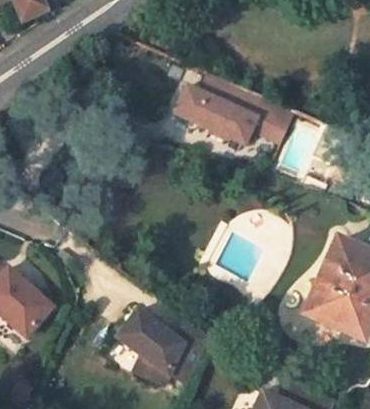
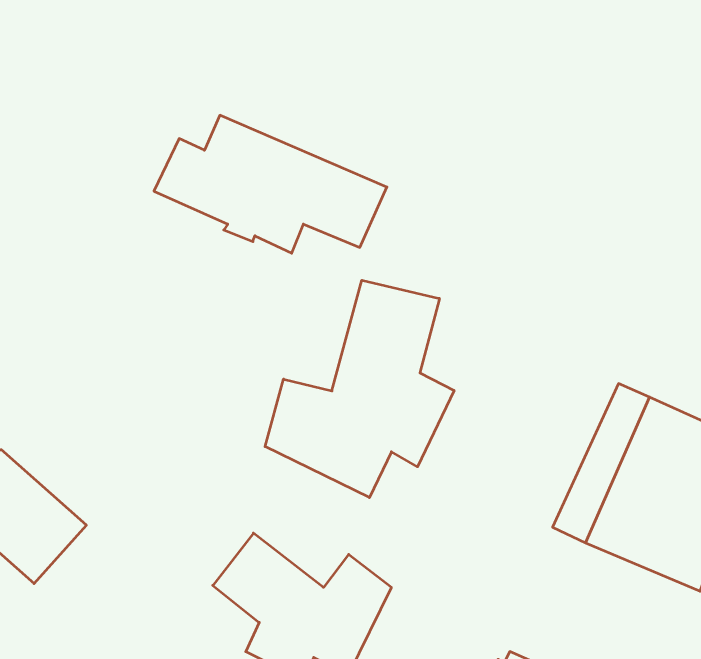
building: [176,74,296,145] -> [154,115,387,253]
building: none -> [265,280,454,498]

